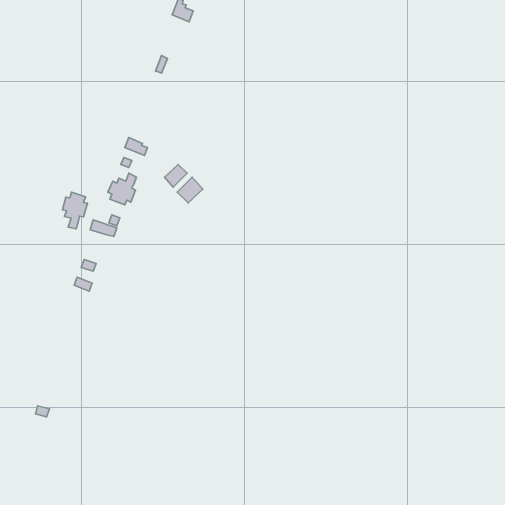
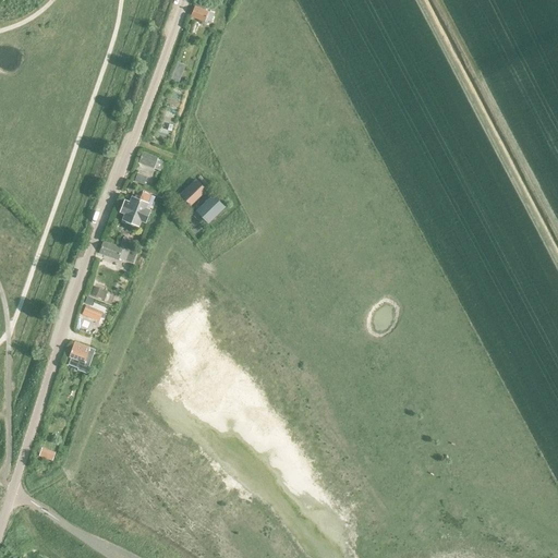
building: [62,192,88,229] -> none
building: none -> [68,341,95,373]

